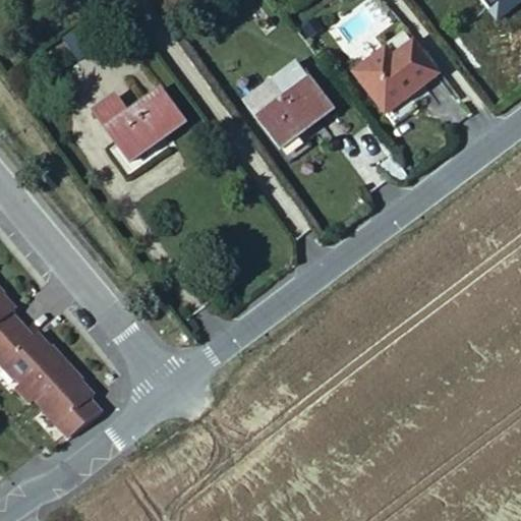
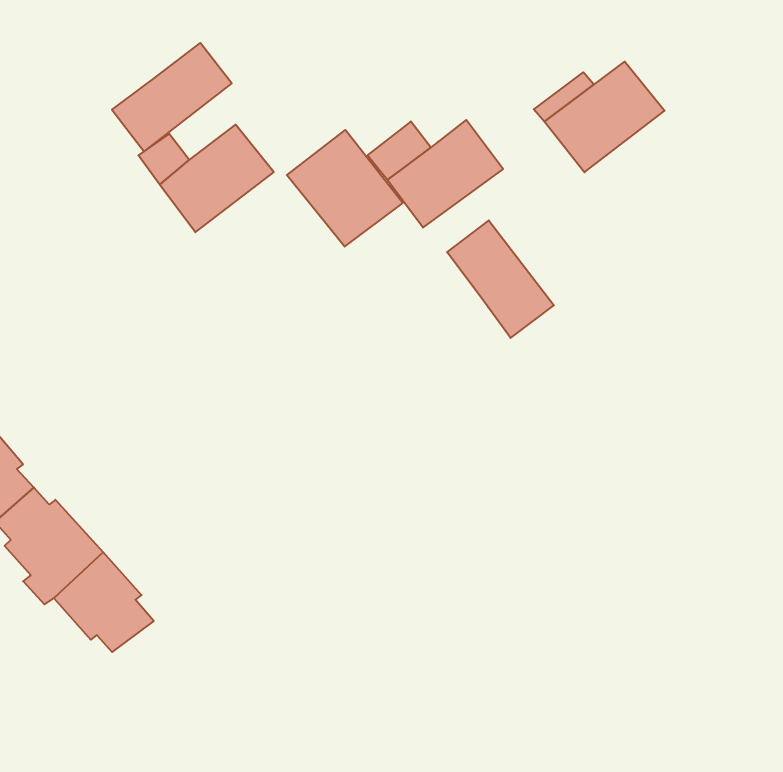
building: none -> [112,43,232,152]
building: none -> [287,130,403,247]
building: none -> [447,220,554,338]

